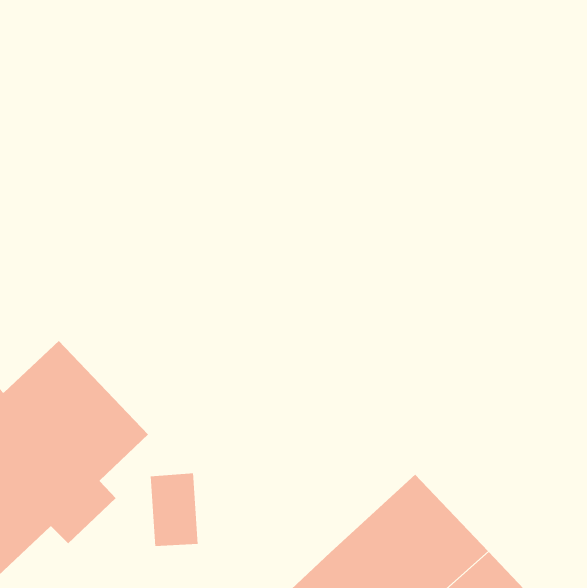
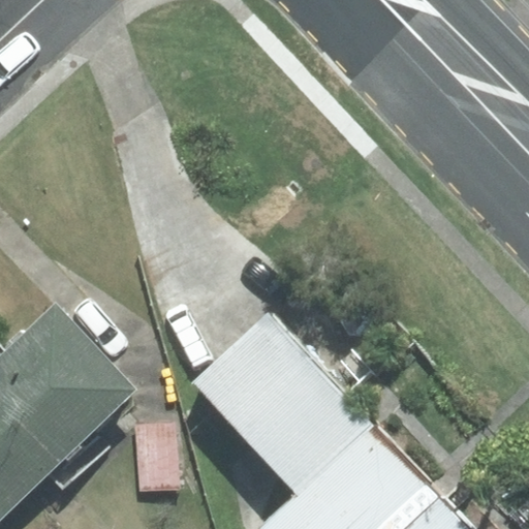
building: none -> [193,312,372,496]

